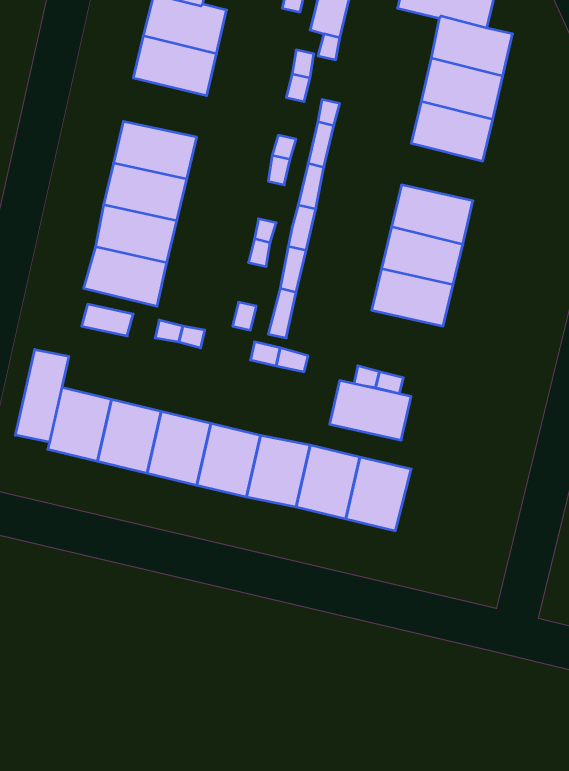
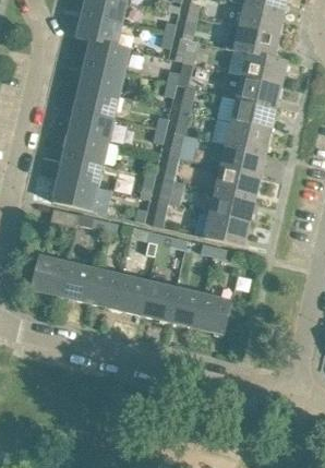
building: none -> [73,85,119,118]
building: none -> [226,121,270,153]
building: [15,349,69,442] -> none
building: [330,381,411,440] -> [204,213,249,245]

